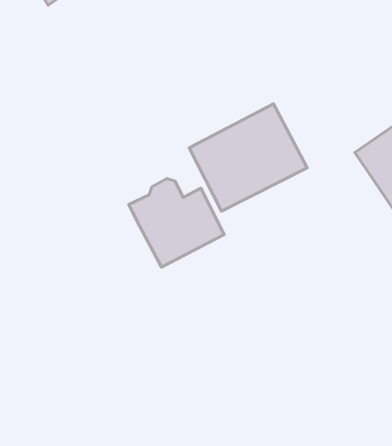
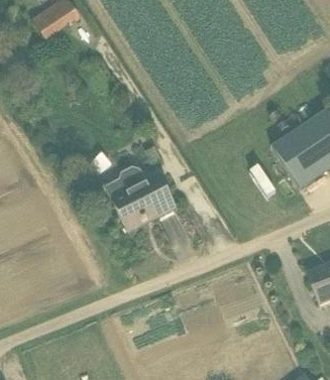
building: [189,104,307,211] -> none

